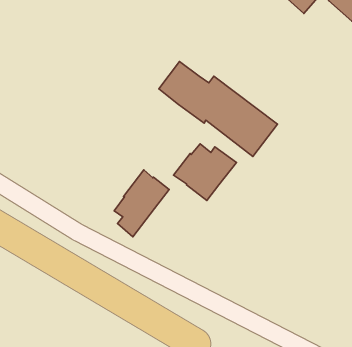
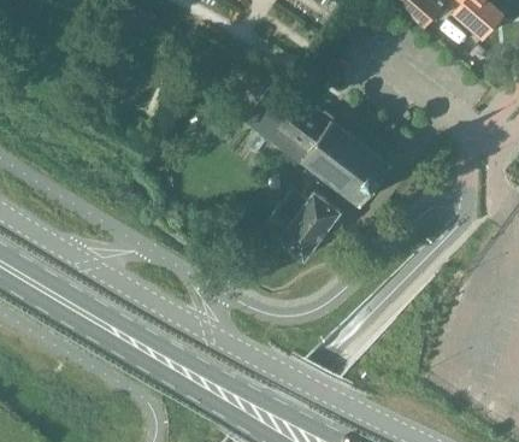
building: [114,170,169,237] -> none

